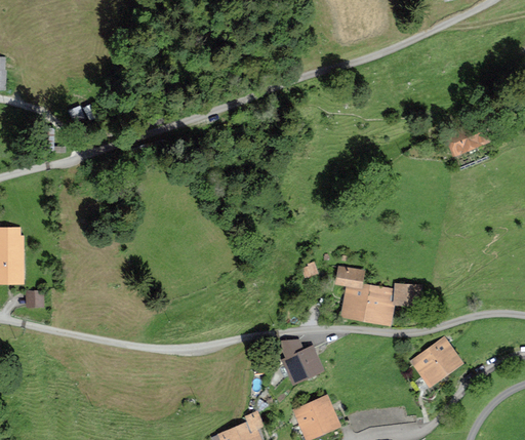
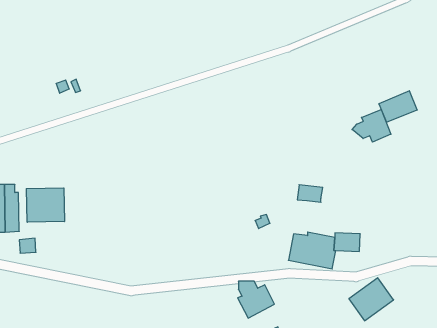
building: none -> [352,109,391,142]
building: none -> [26,188,64,222]
building: [334,267,364,287] -> [297,185,323,202]

